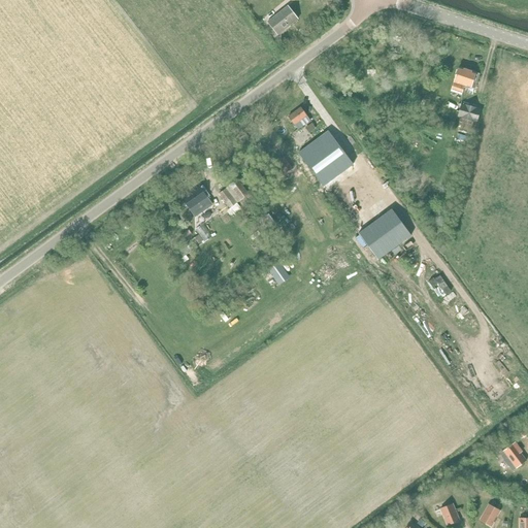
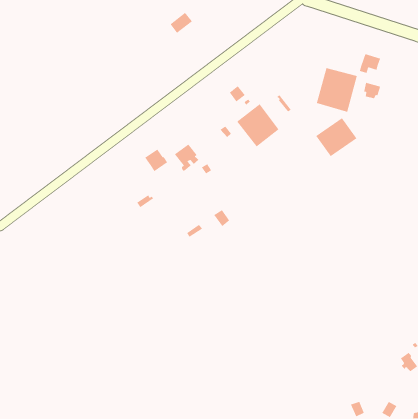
building: [269,7,298,35] -> [170,12,193,34]
building: none -> [316,67,358,113]
building: [354,205,407,256] -> [315,117,358,157]

